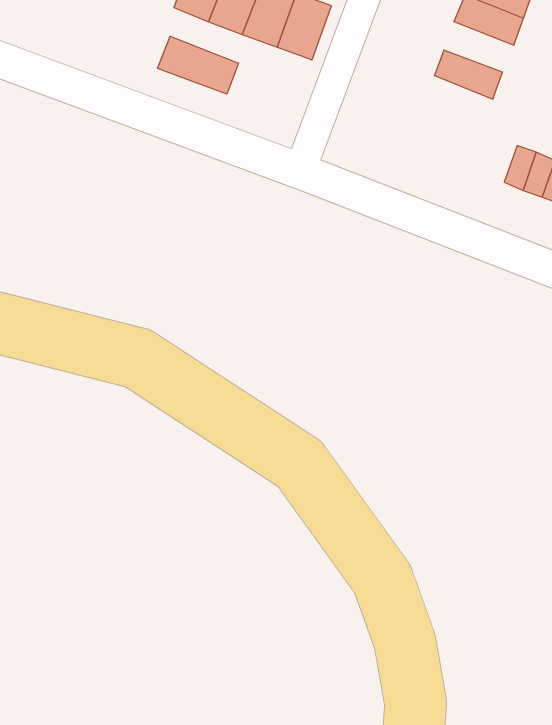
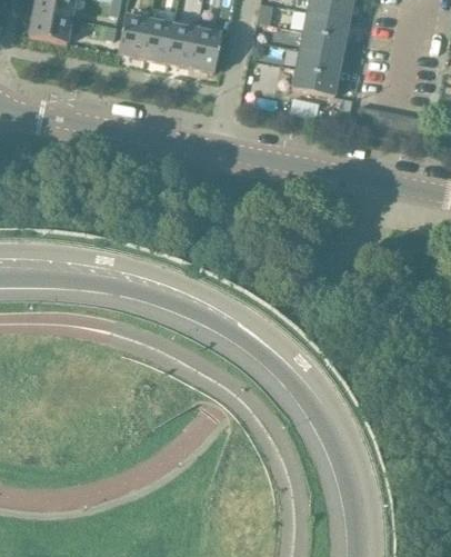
building: none -> [301,29,347,57]
building: [158,36,238,94] -> none
building: none -> [293,67,339,93]

